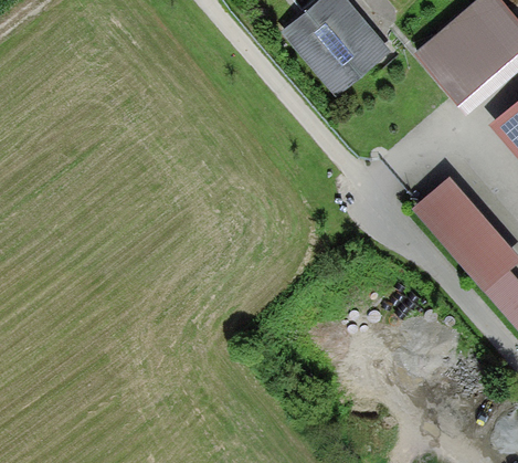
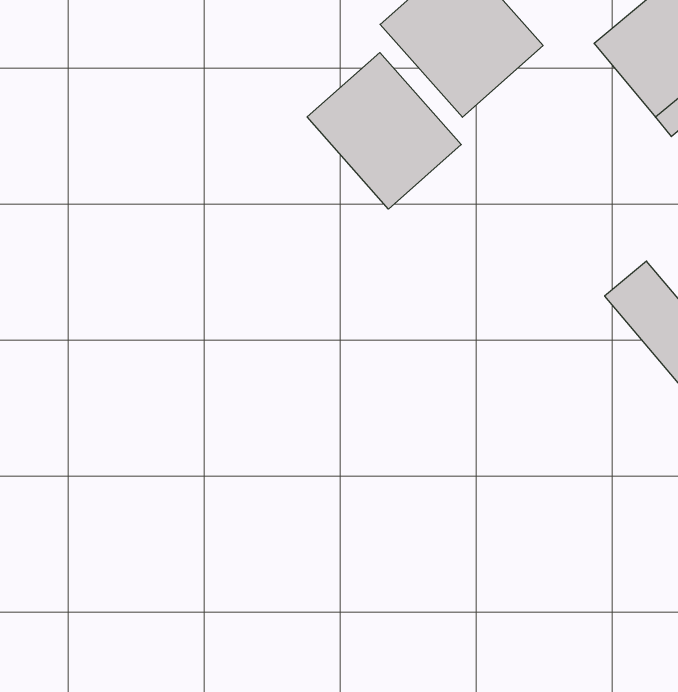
building: none -> [307,53,461,209]

